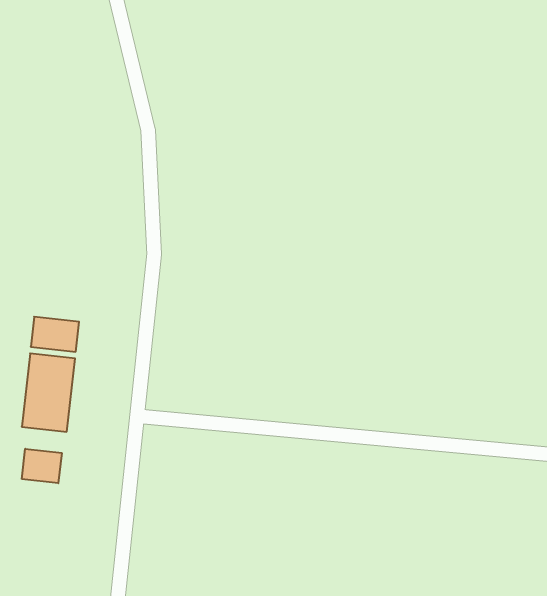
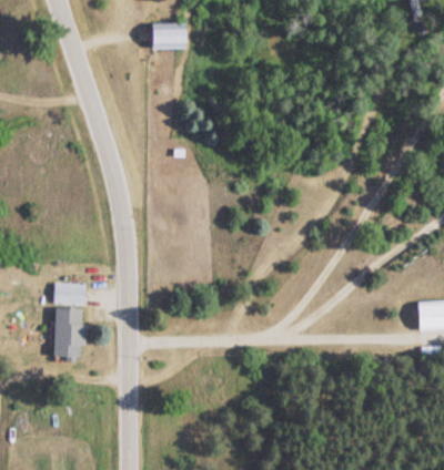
building: [22,449,62,483] -> none

